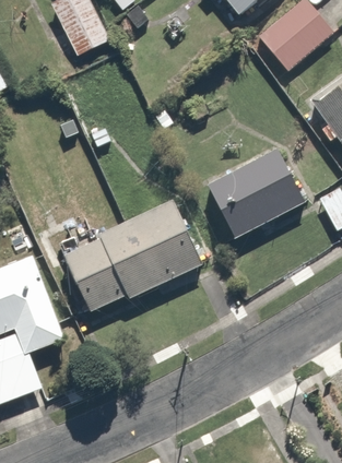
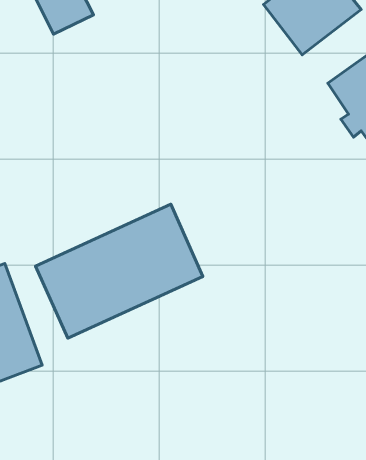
building: [204,147,307,239] -> none

